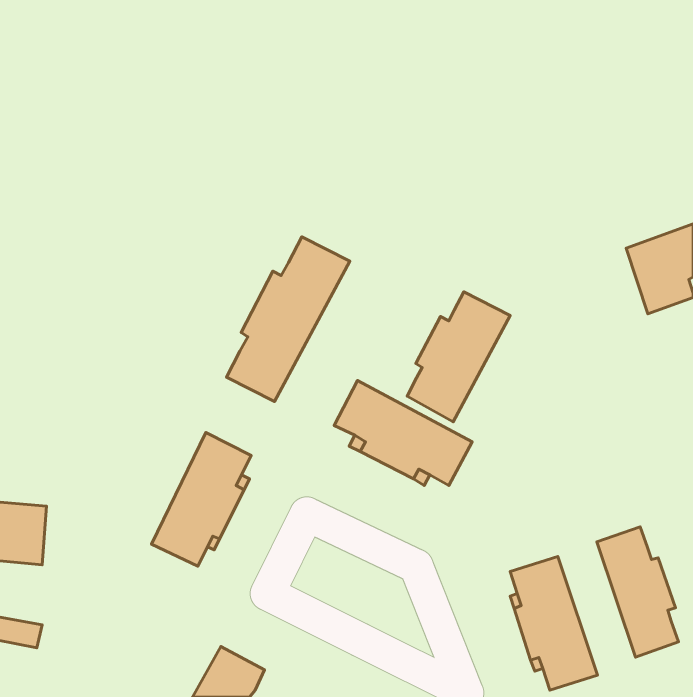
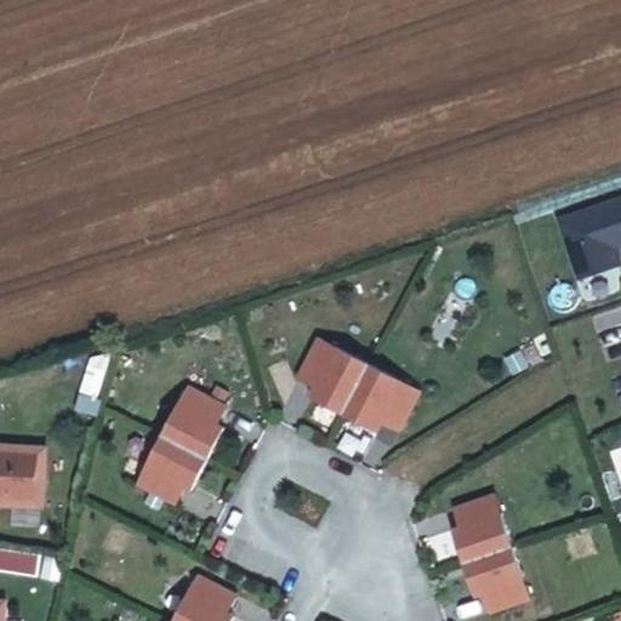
building: [227,237,350,402] -> none
building: [407,292,510,422] -> none
building: [597,527,679,657] -> none

